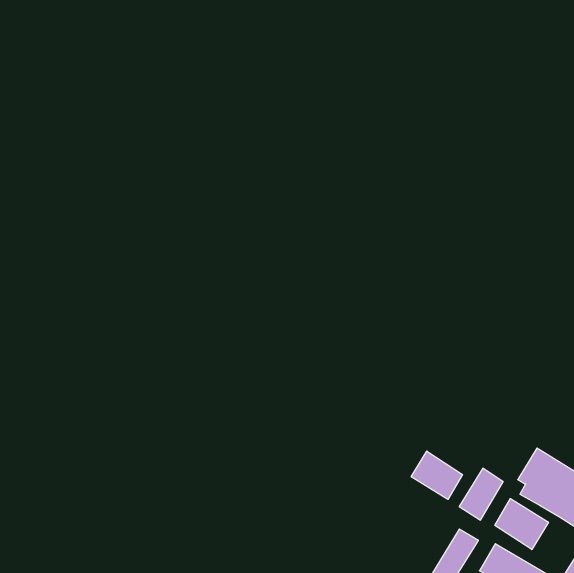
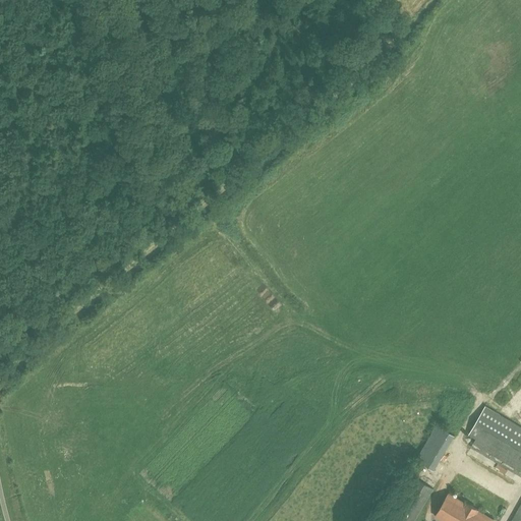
building: [411,451,462,499] -> none
building: [495,499,548,550] -> none

